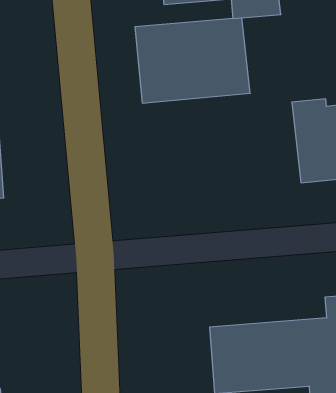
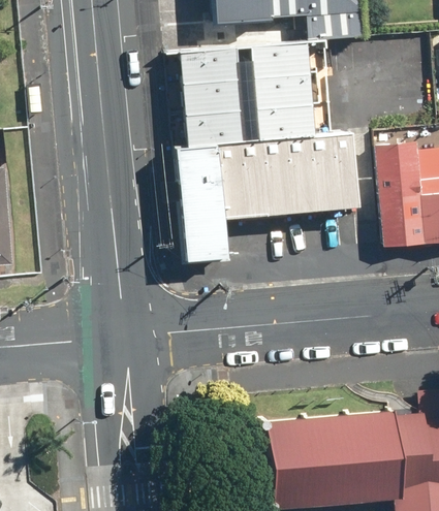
building: none -> [173,131,363,265]

